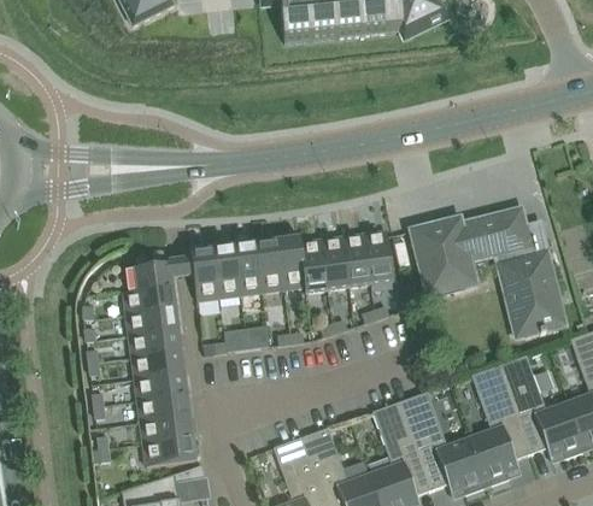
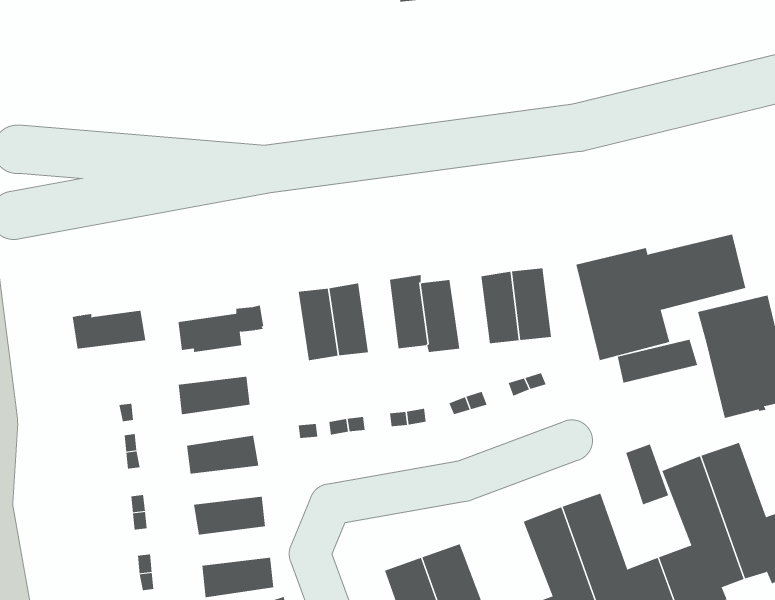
building: [322,237,350,289] -> none
building: [257,240,284,292] -> none
building: [187,248,221,300] -> none
building: none -> [617,339,698,384]
building: [124,287,177,314] -> [72,310,146,349]
building: [130,329,182,358] -> none
building: none -> [626,443,669,505]
building: [136,372,188,400] -> none
building: [142,416,194,443] -> none

